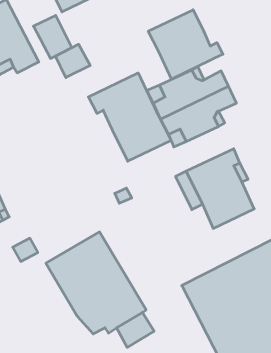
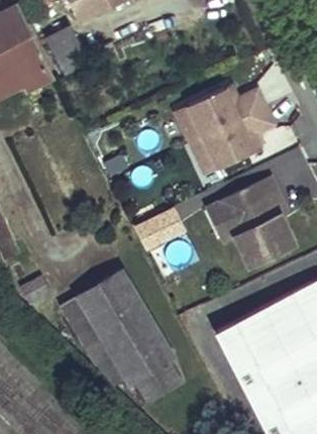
building: [148,10,223,79] -> none
building: [56,44,90,78] -> none
building: [88,73,171,161] -> none

